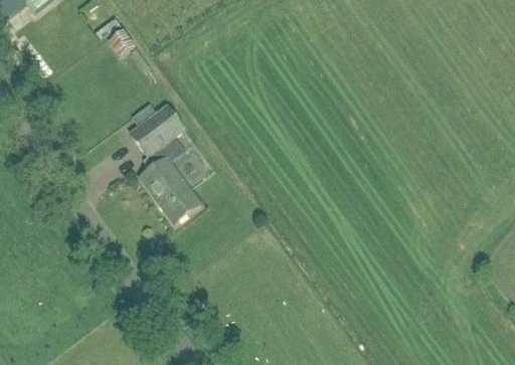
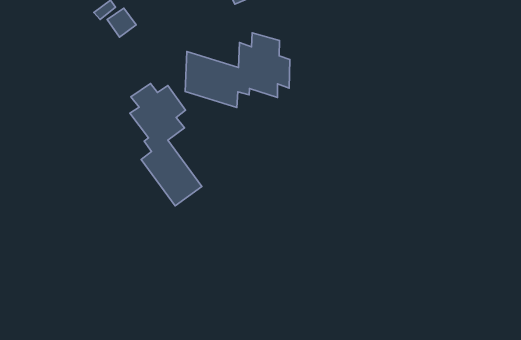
building: none -> [185,33,290,107]

